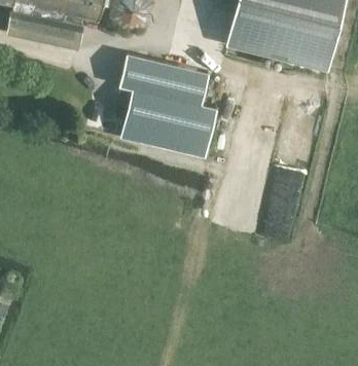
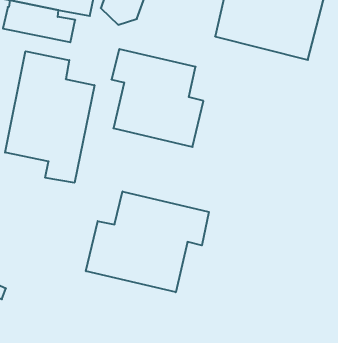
building: none -> [5,51,94,183]
building: none -> [86,191,209,292]

